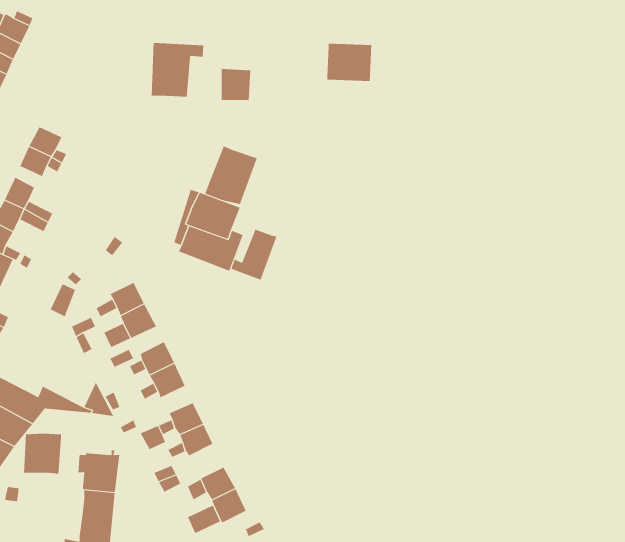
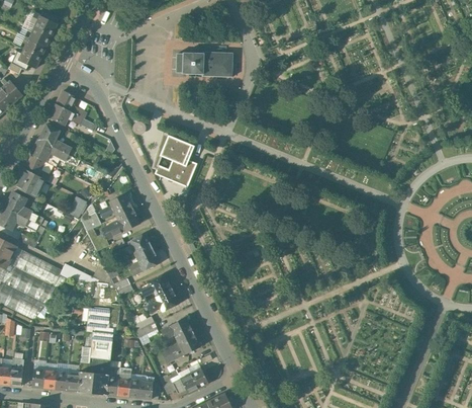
building: [151,42,204,97] -> none
building: [326,43,372,81] -> [201,52,231,77]
building: [205,146,258,205] -> none
building: [231,229,277,281] -> none
building: [24,433,62,474] -> none

